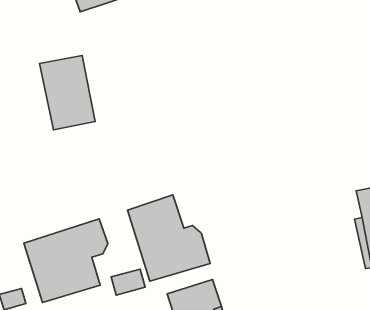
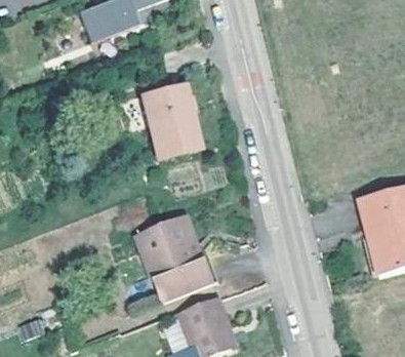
building: [39,55,95,130] -> [140,81,198,155]
building: [24,219,108,302] -> none

